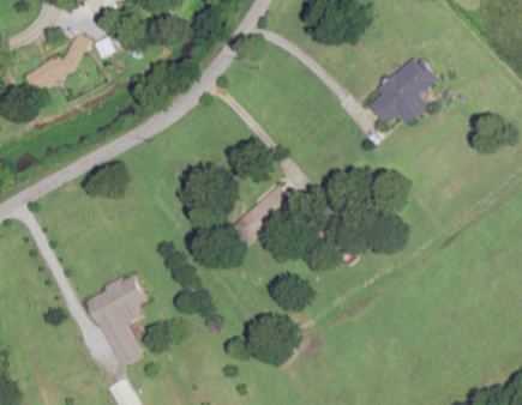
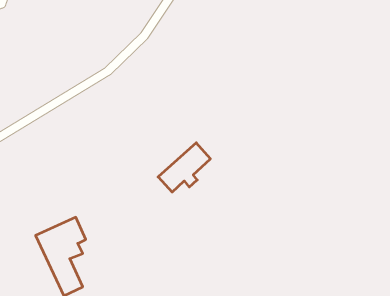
building: [368,55,436,125] -> none

